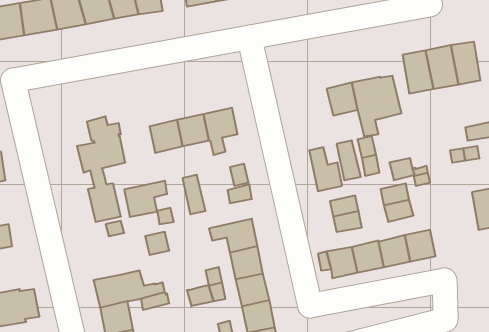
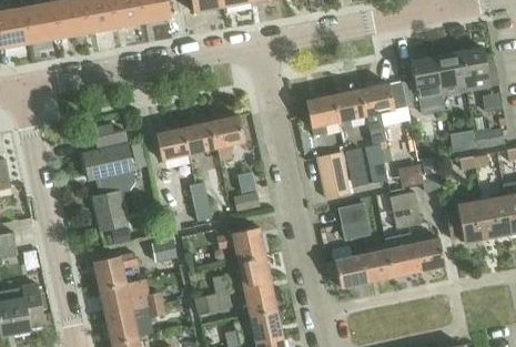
building: none -> [305,95,341,135]
building: [124,181,167,217] -> [93,252,136,288]
building: none -> [446,200,487,242]

